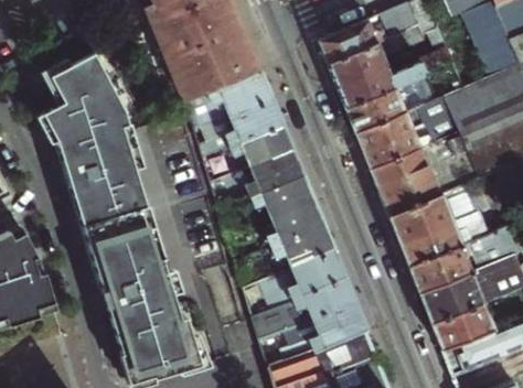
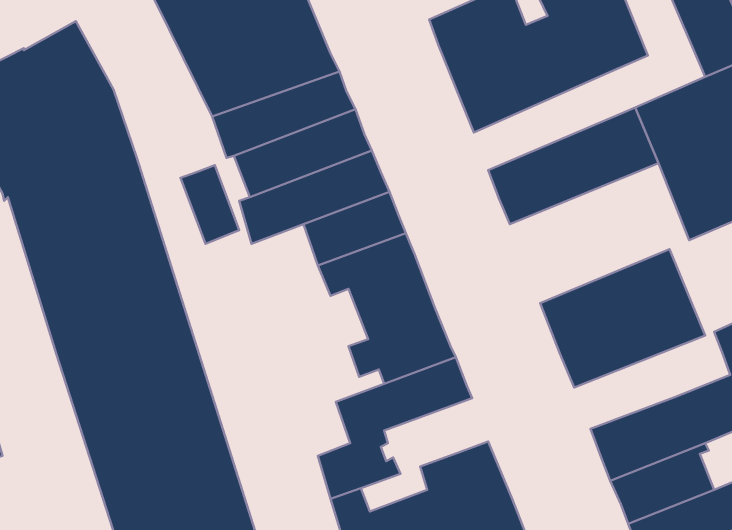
building: [346,75,438,134] -> none
building: [369,130,479,216] -> none
building: none -> [180,165,239,244]
building: [408,234,500,293] -> none
building: [289,274,355,321] -> none

